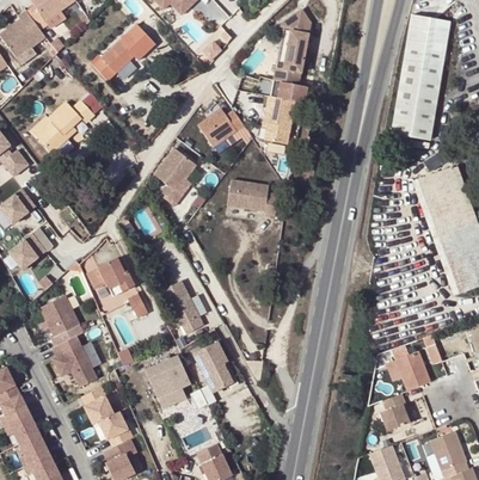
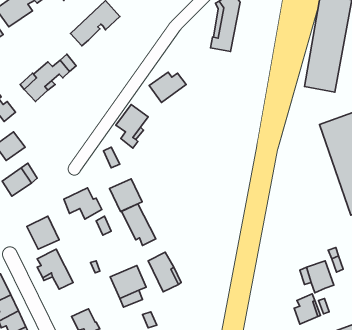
building: [263,82,306,146] -> none
building: [223,183,275,219] -> none
building: none -> [109,179,142,212]
building: [84,387,112,424] -> none

